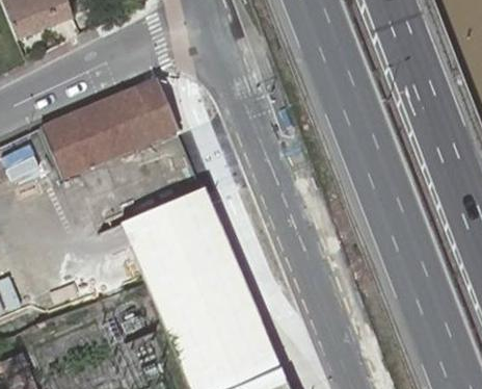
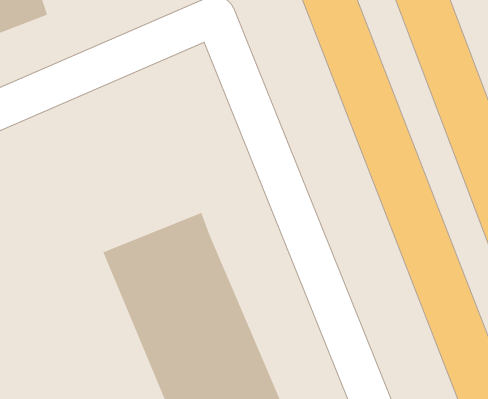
building: [41,77,178,175] -> none

